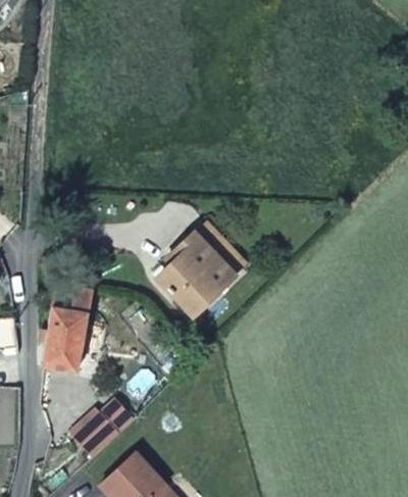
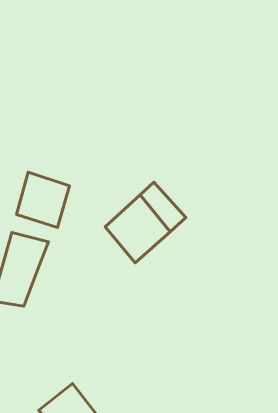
building: none -> [17,172,69,228]
building: [69,405,115,451] -> none

